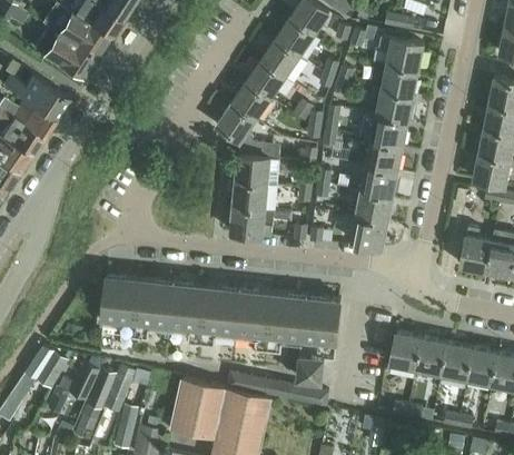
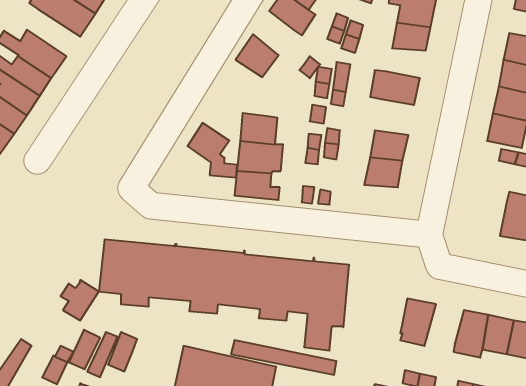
building: [247,56,287,98] -> none
building: [375,91,413,120] -> none
building: [216,102,264,155] -> [187,123,237,177]
building: [364,140,402,175] -> none
building: [349,222,386,248] -> none
building: [459,224,491,271] -> none
building: [414,337,449,375] -> none
building: [32,348,69,387] -> [61,280,99,320]

